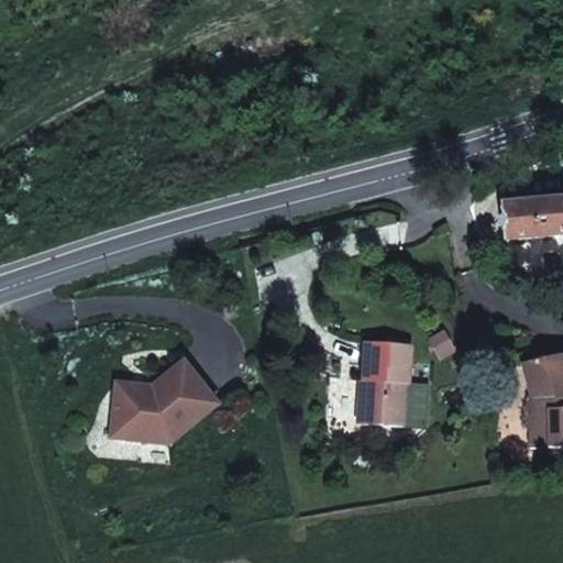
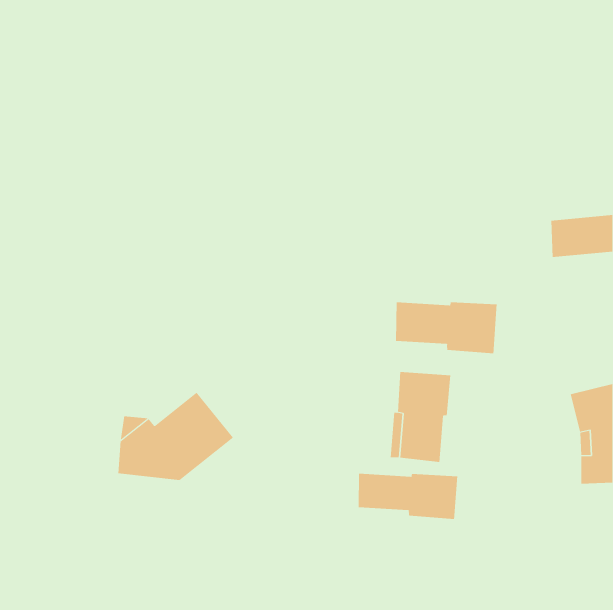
building: none -> [395,301,497,354]
building: none -> [358,473,458,520]

